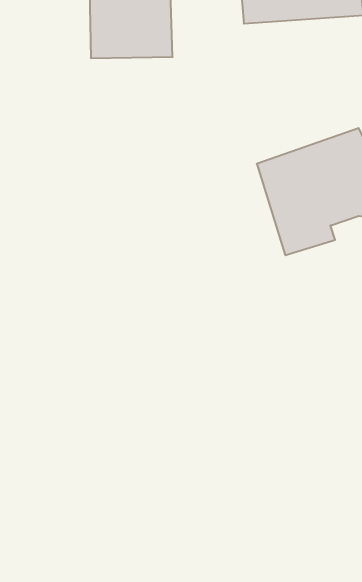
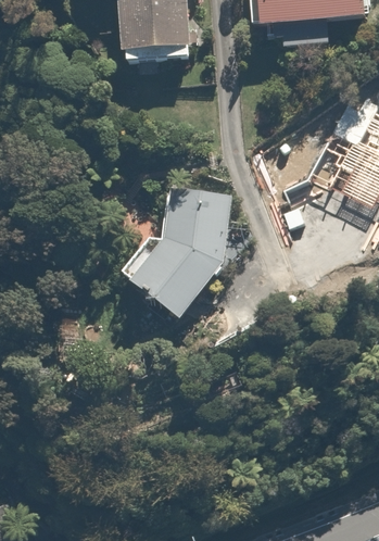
building: none -> [115,183,230,315]

